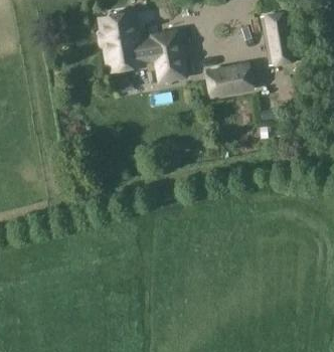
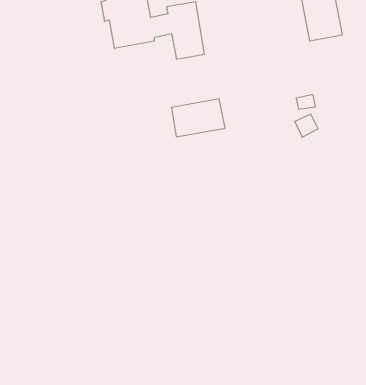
building: [208,64,253,96] -> [171,99,225,137]

